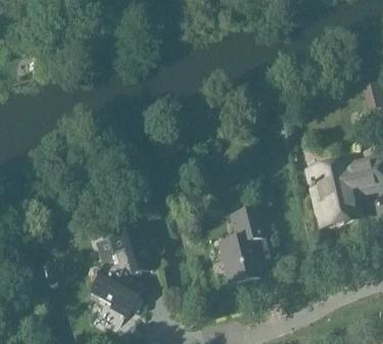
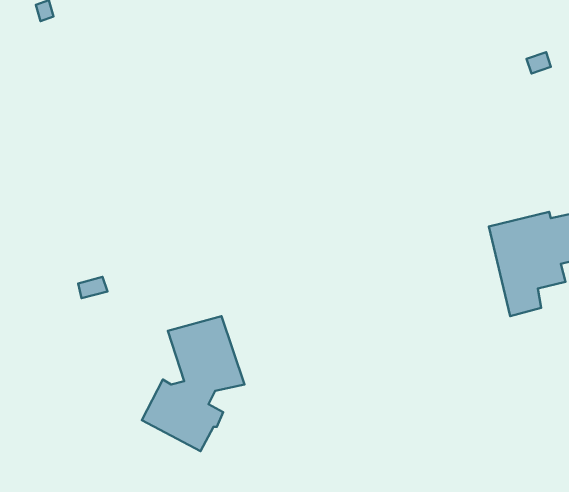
building: [221,208,266,285] -> none

